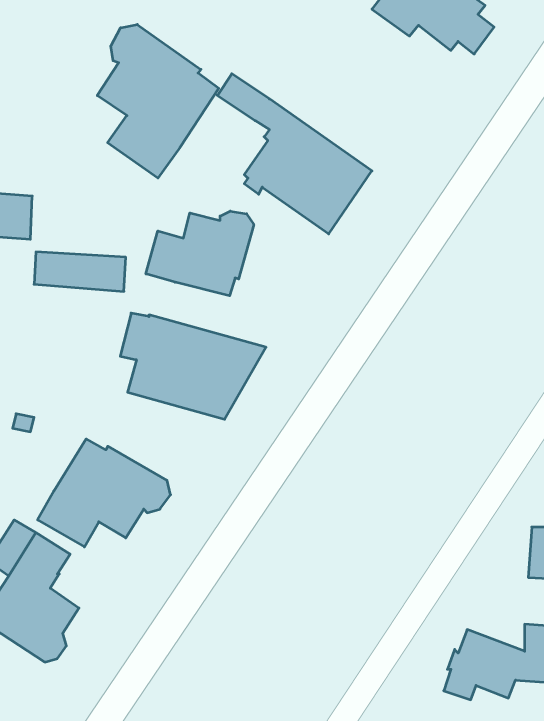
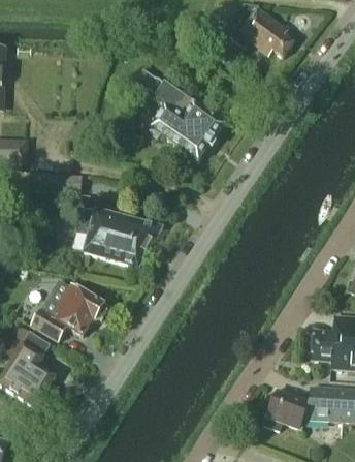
building: [97,24,219,178] -> none
building: [146,211,254,296] -> none

